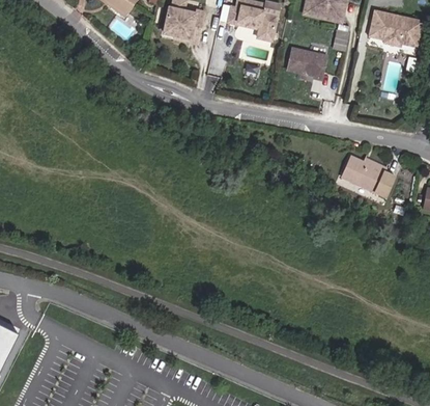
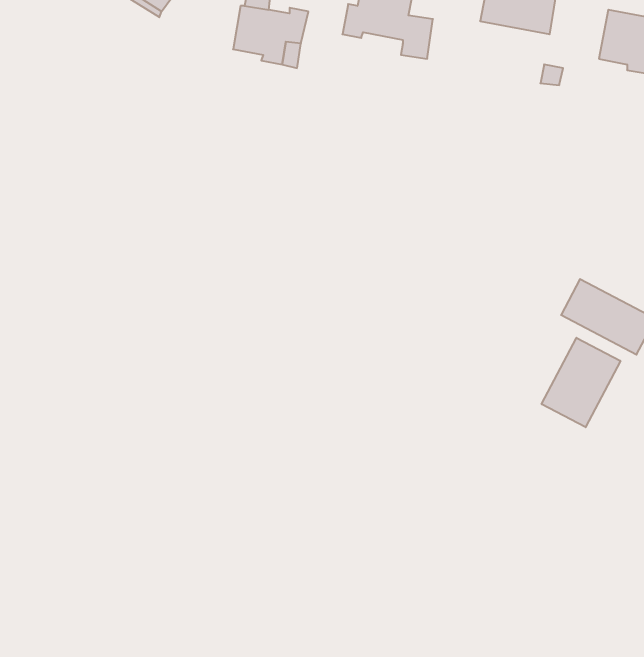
building: [287,49,326,79] -> none
building: none -> [542,338,620,427]

